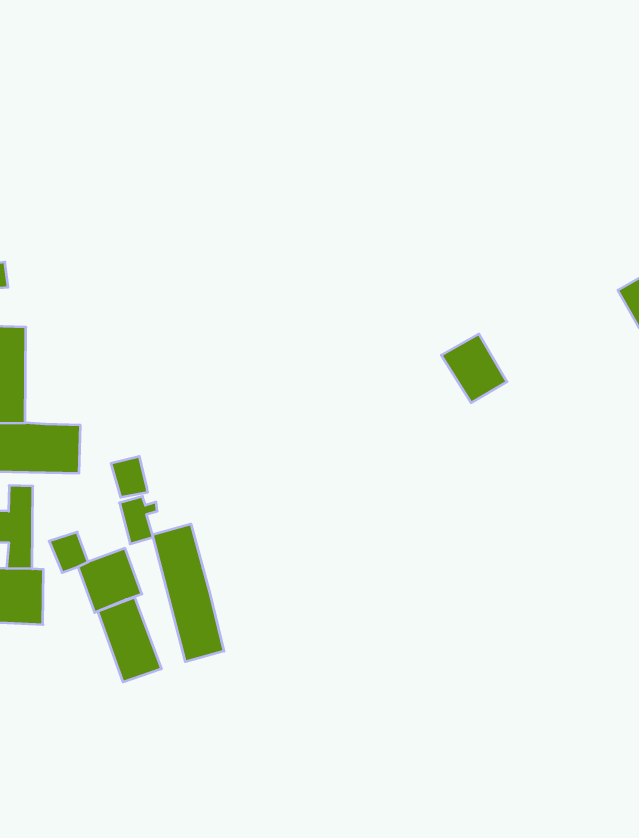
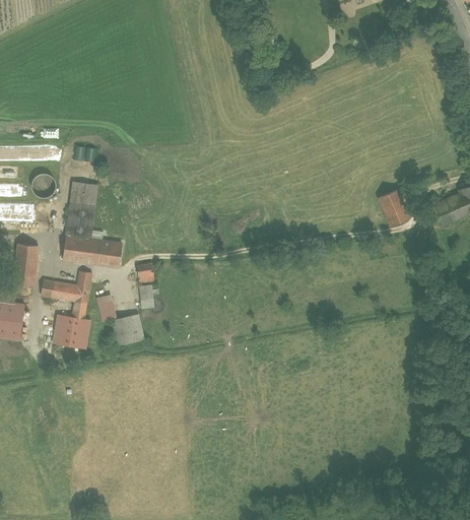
building: [441,334,507,403] -> [372,188,406,225]
building: [152,524,224,662] -> none
building: [98,597,161,682] -> none

